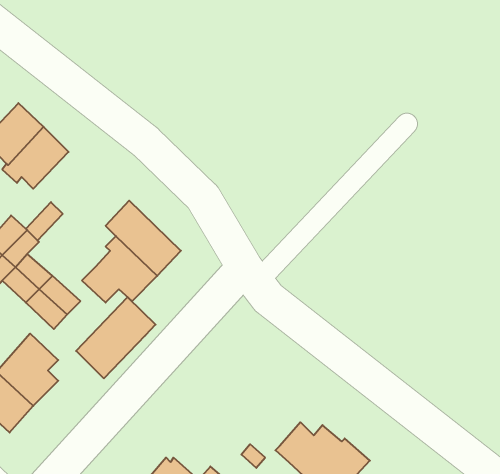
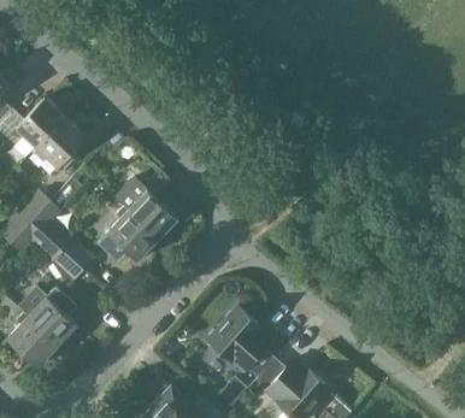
building: [76,297,156,378] -> none
building: none -> [207,307,275,378]

